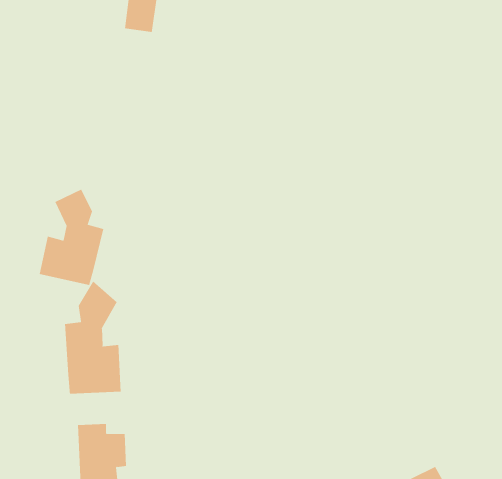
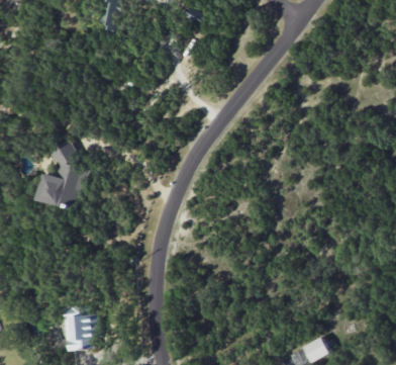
building: [65,281,121,395] -> none

